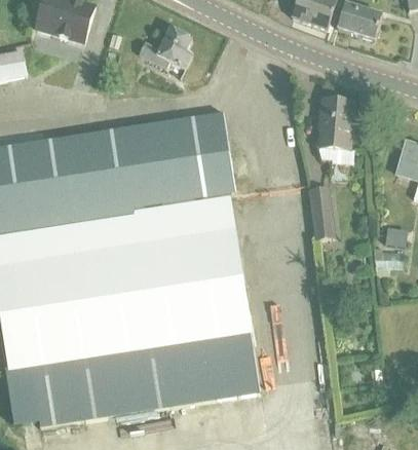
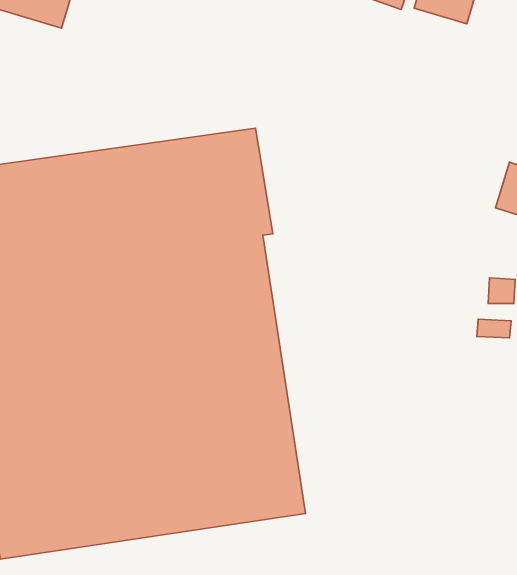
building: [139,27,191,68] -> none
building: [319,98,353,149] -> none
building: [310,187,334,238] -> none

